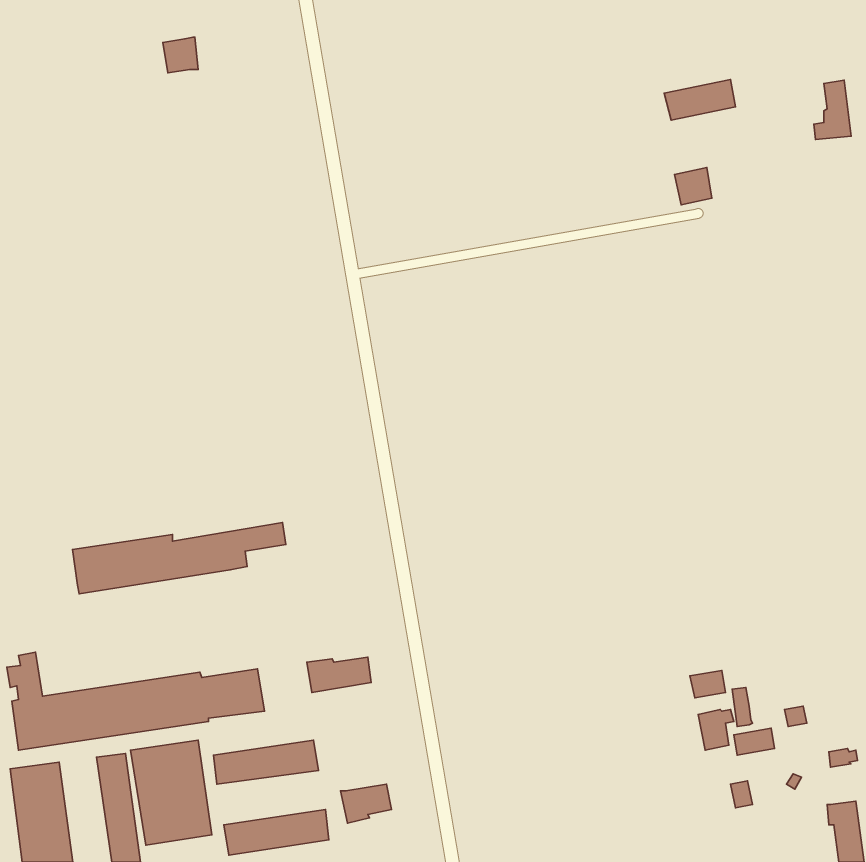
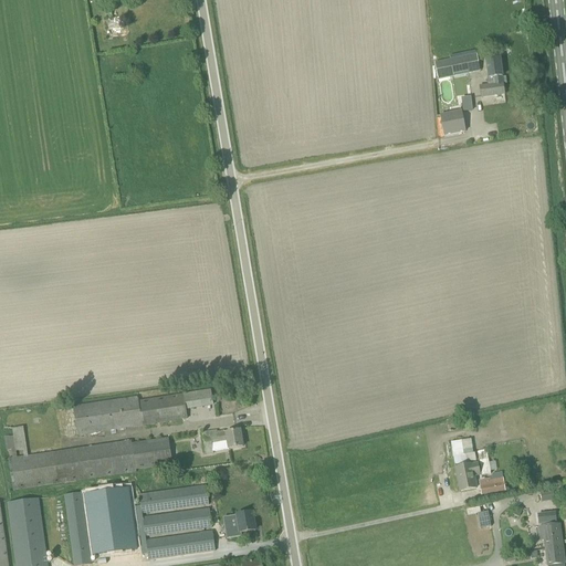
building: [814,80,851,139] -> [480,56,504,95]
building: [72,523,286,594] -> [73,388,212,434]
building: none -> [143,506,211,535]

